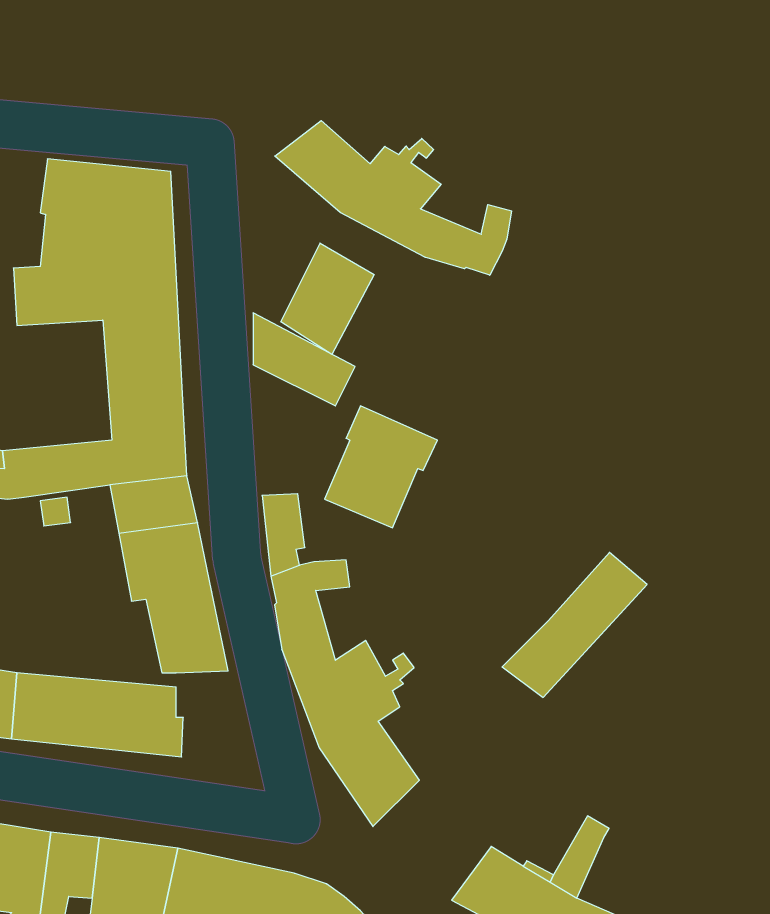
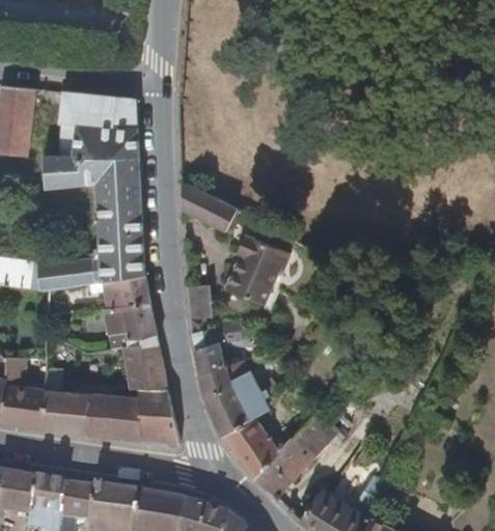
building: [275,121,512,275] -> none
building: [281,243,374,354] -> none
building: [502,552,647,697] -> [252,413,336,497]
building: none -> [138,389,178,444]

